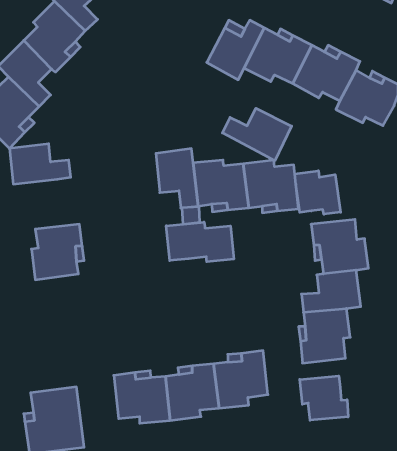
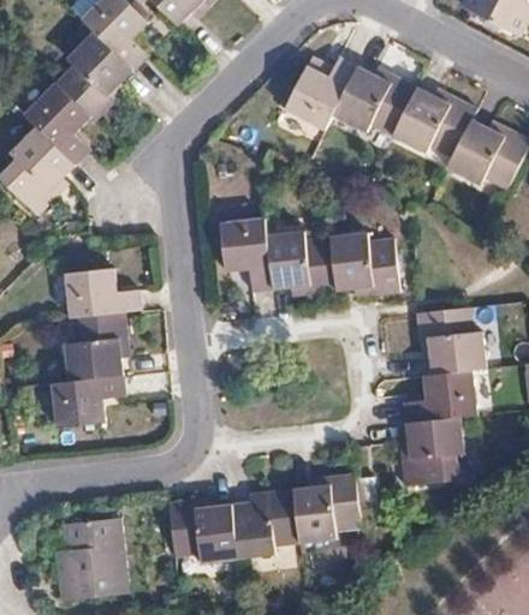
building: [222,108,292,161] -> none
building: [9,144,71,184] -> [64,268,141,318]
building: [295,171,341,214] -> none
building: [166,222,234,262] -> none
building: none -> [50,375,125,429]
building: [300,376,348,420] -> none

